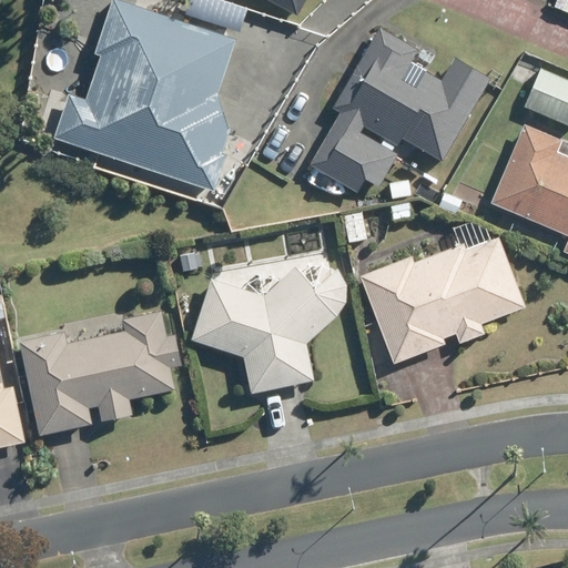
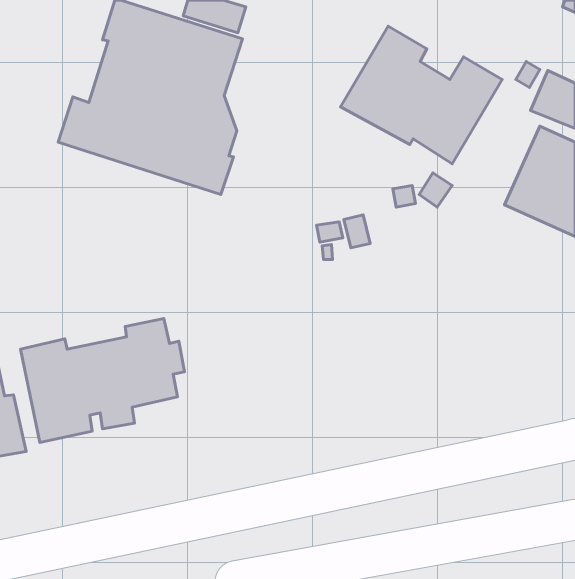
building: [308,120,397,193] -> none
building: [358,235,527,364] -> none
building: [191,267,346,392] -> none

